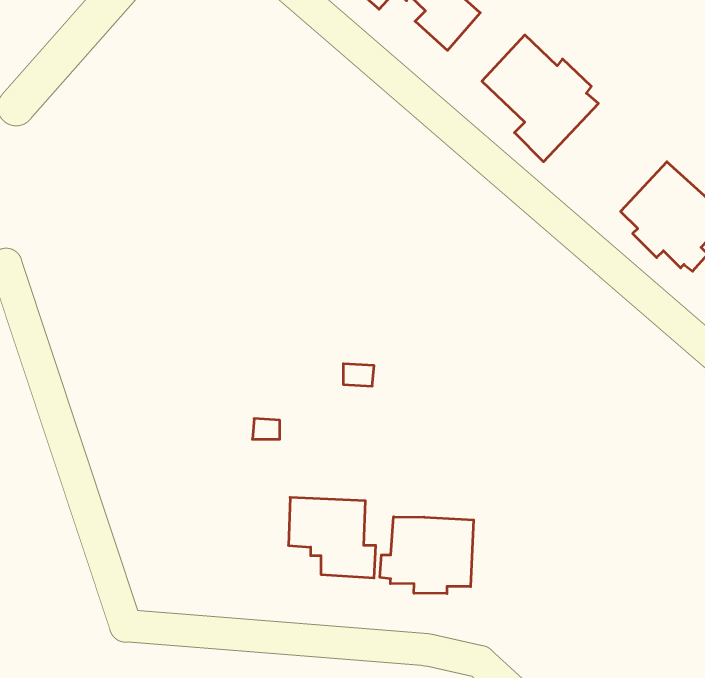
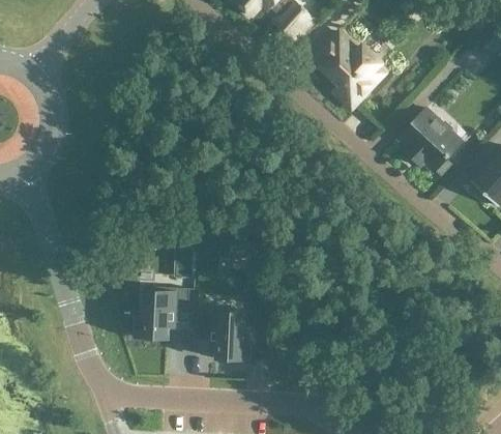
building: none -> [136,287,190,339]
building: [380,517,474,594] -> none

